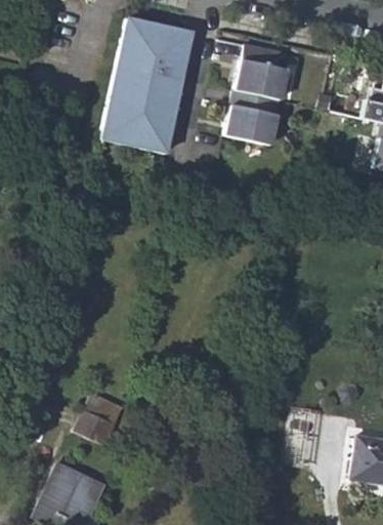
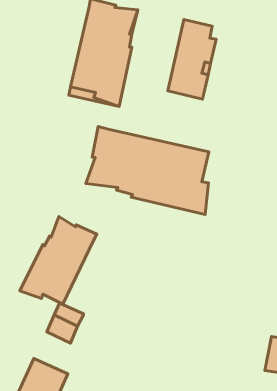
building: none -> [86,127,209,215]
building: none -> [20,216,97,304]

